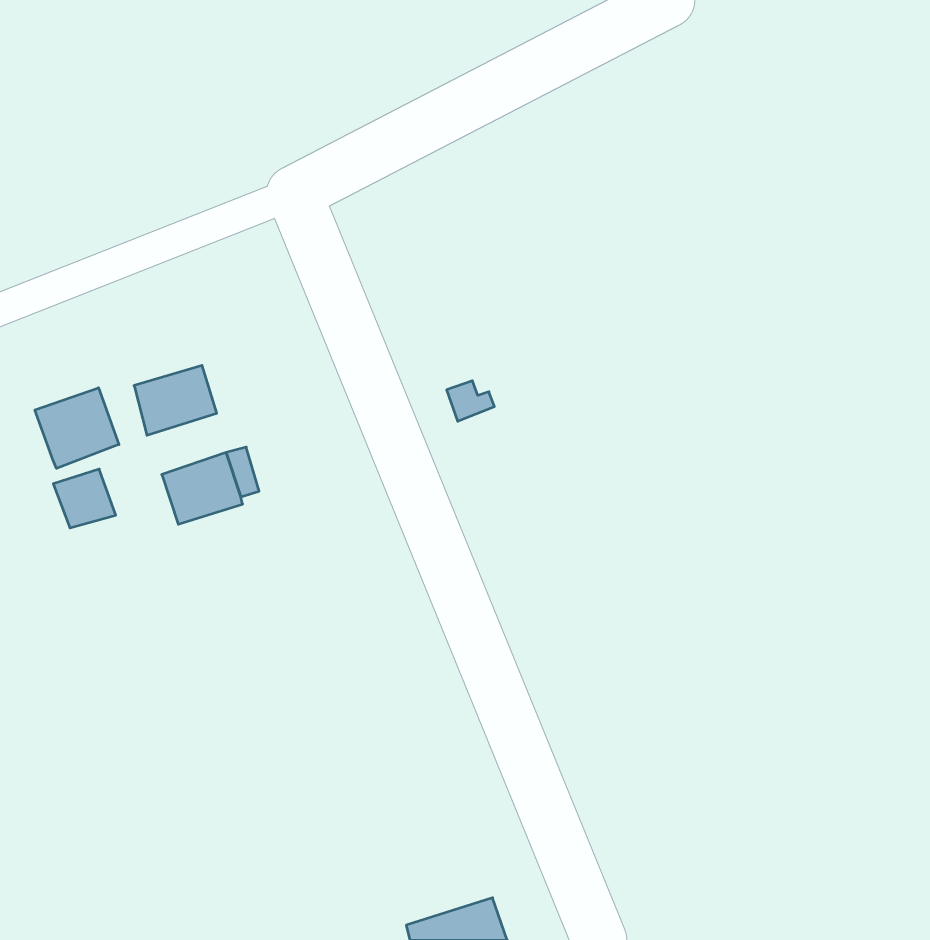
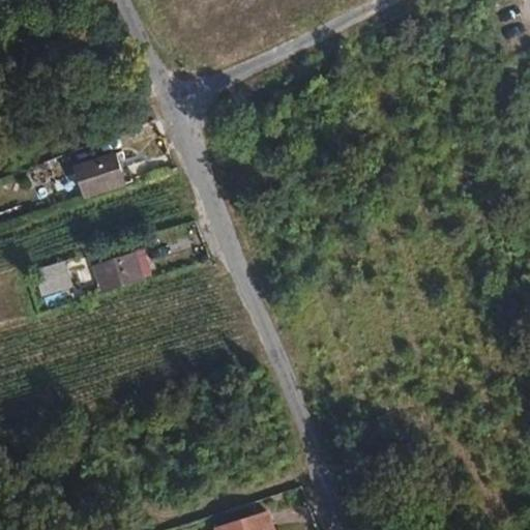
building: [134,365,217,435] -> [77,157,123,197]
building: [35,388,119,468] -> none

